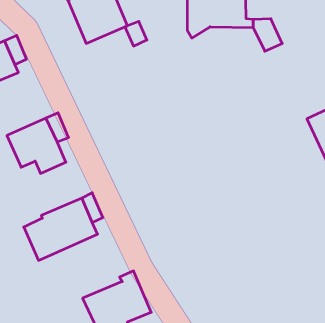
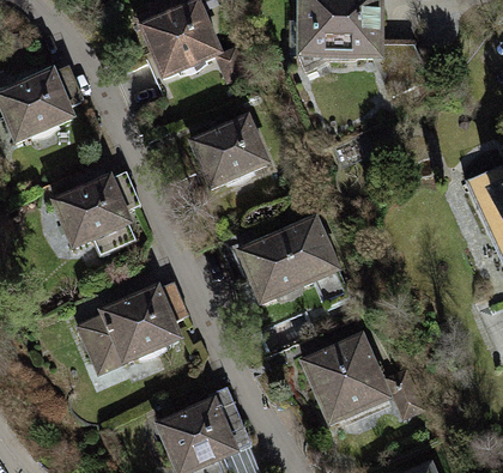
building: none -> [192,119,265,184]
building: none -> [240,219,347,308]
building: none -> [302,336,386,422]

